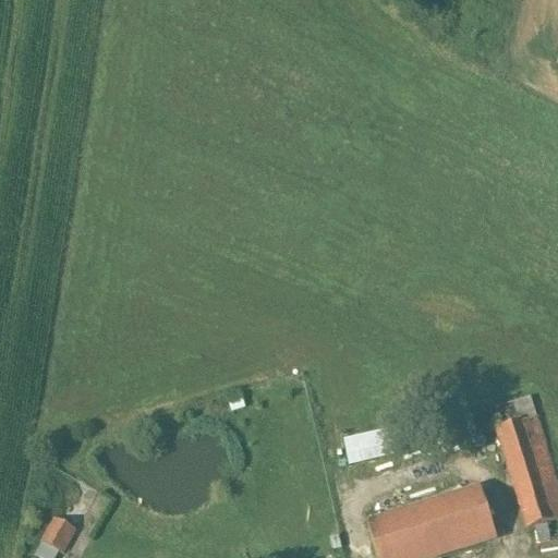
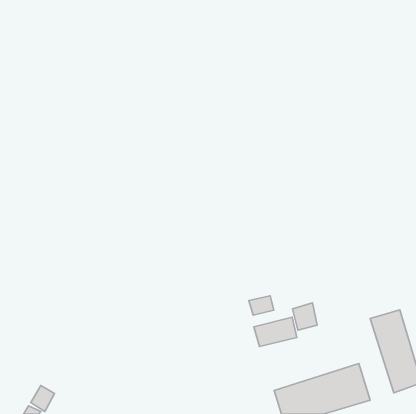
building: none -> [249,296,274,315]
building: none -> [293,303,317,330]

